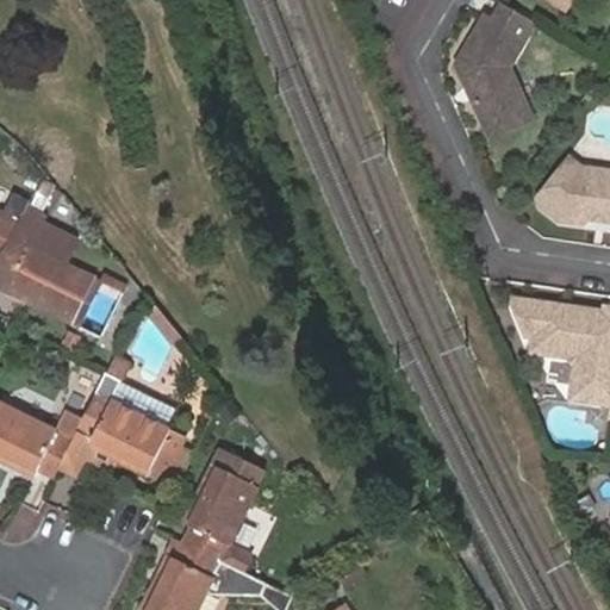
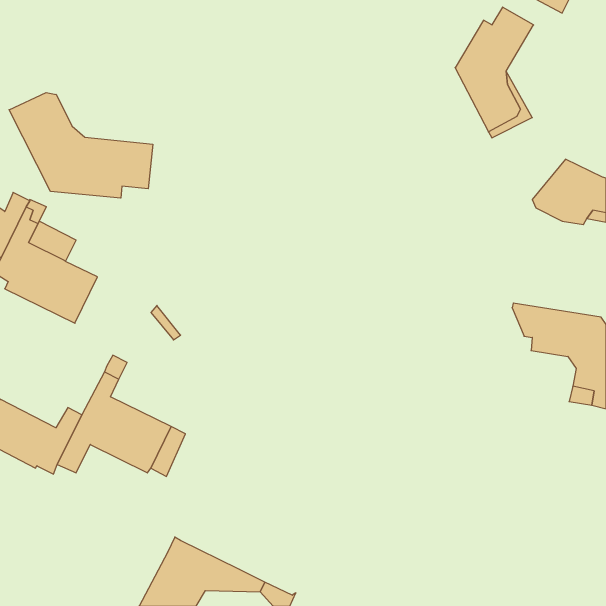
building: none -> [9,93,153,198]
building: [181,447,264,571] -> none

